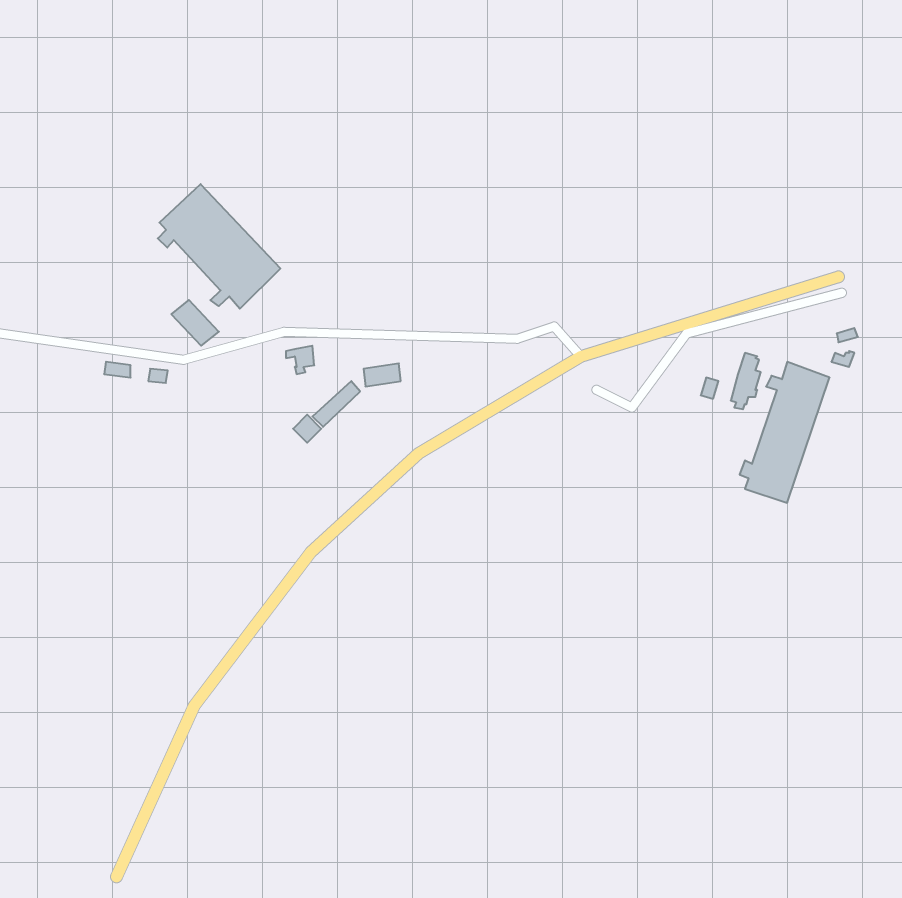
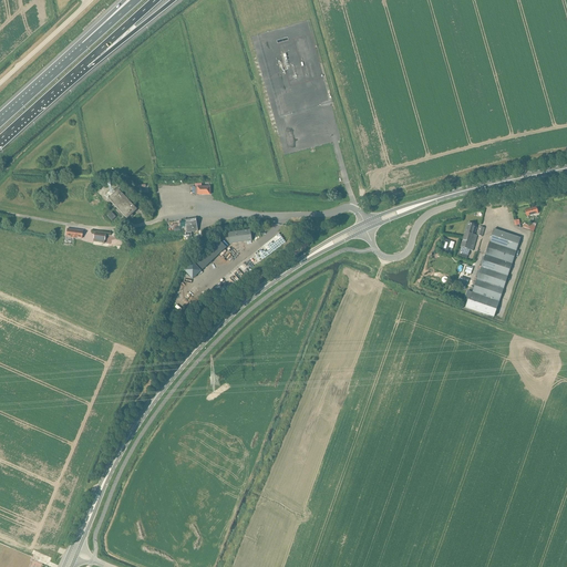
building: [158,184,280,309] -> none

